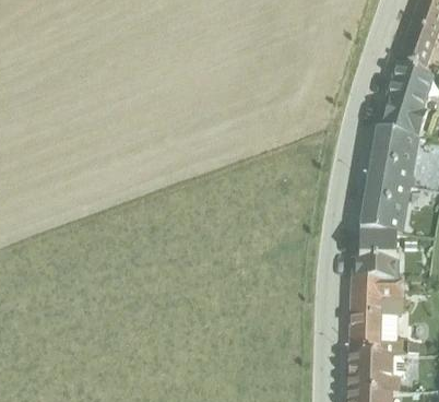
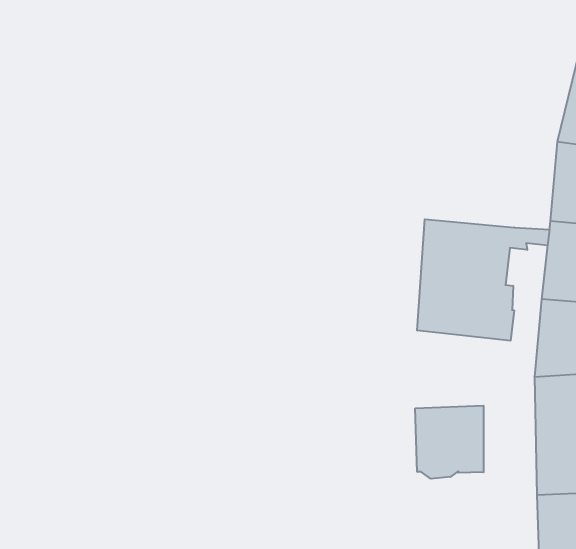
building: none -> [417,219,549,341]
building: none -> [415,406,484,479]

